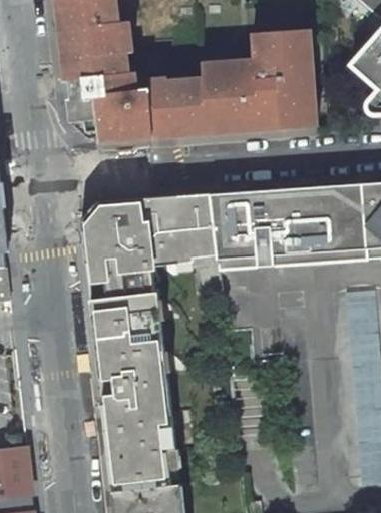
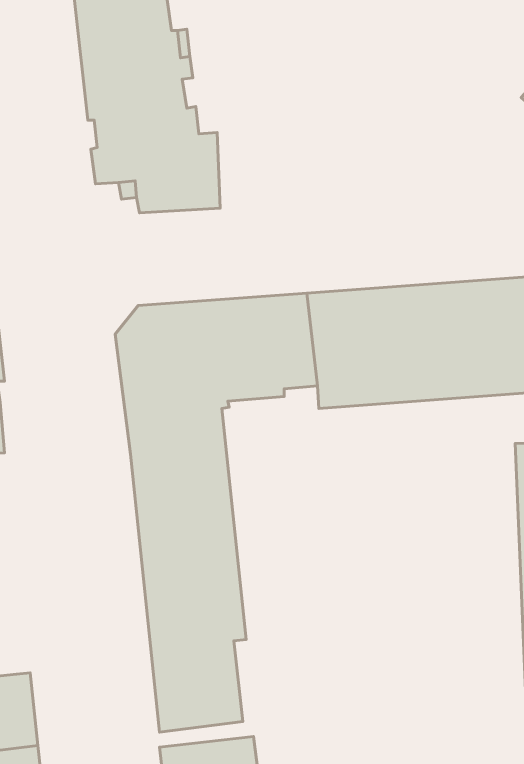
building: [148,28,316,138] -> none

